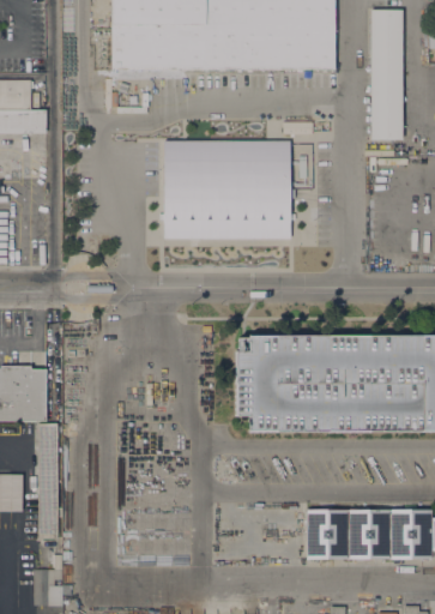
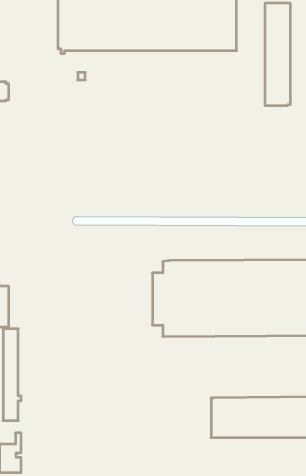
building: [164,140,295,237] -> none

